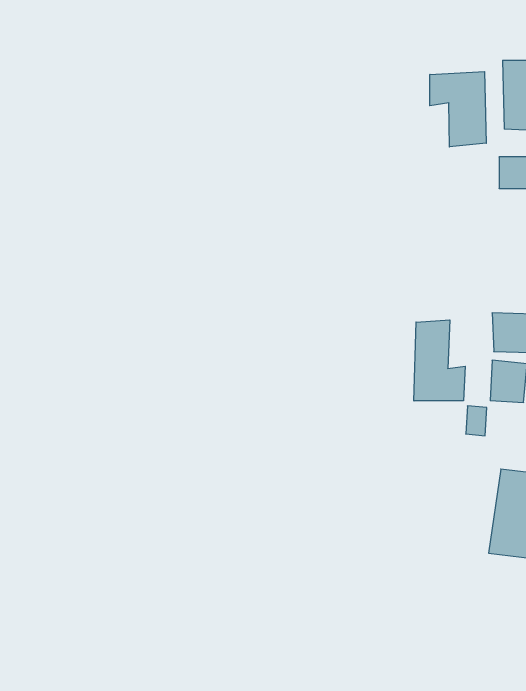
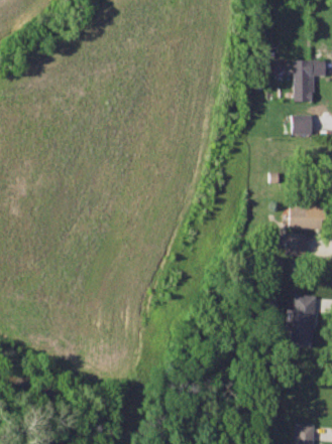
building: [430,72,486,147] -> none
building: [414,320,465,401] -> none

